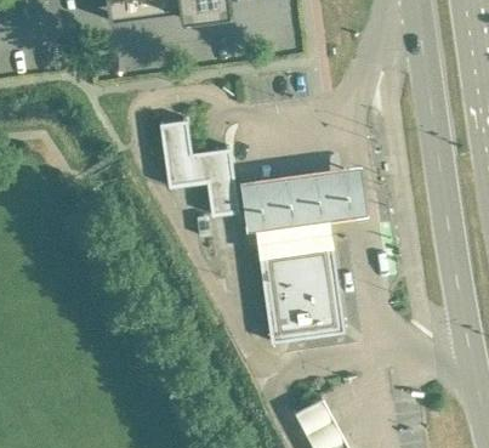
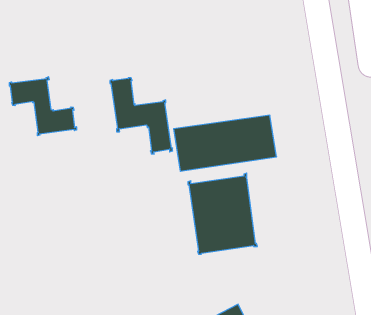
building: none -> [9,77,77,136]

